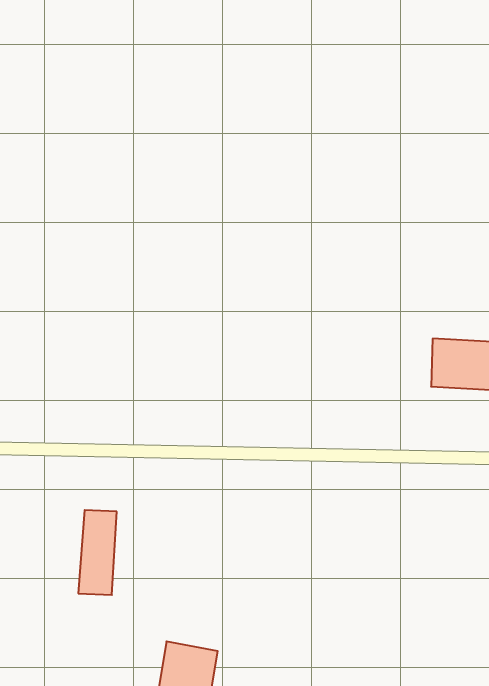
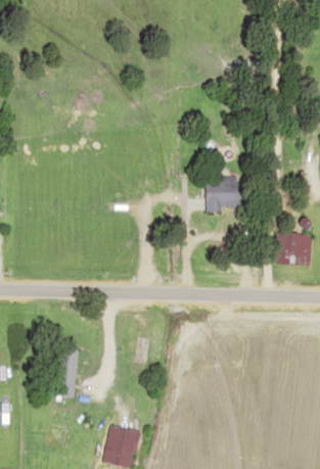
building: none -> [208,176,248,208]

